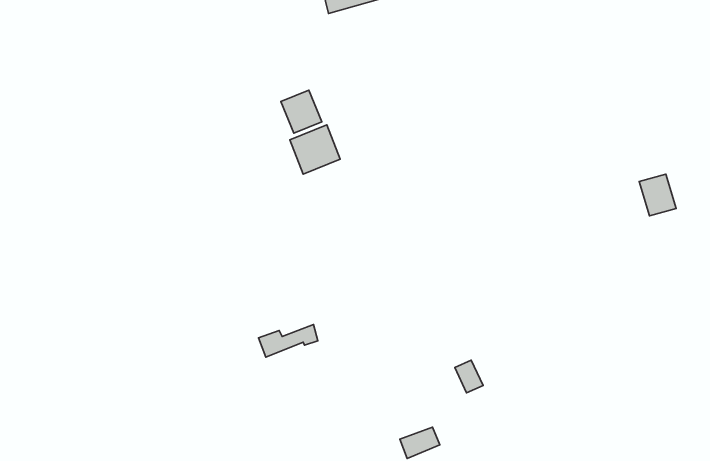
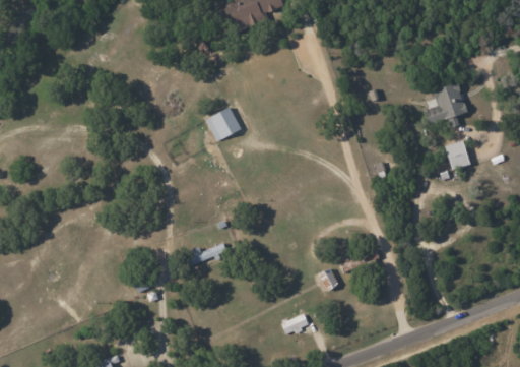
building: none -> [424,81,467,127]
building: [281,90,322,133] -> none

